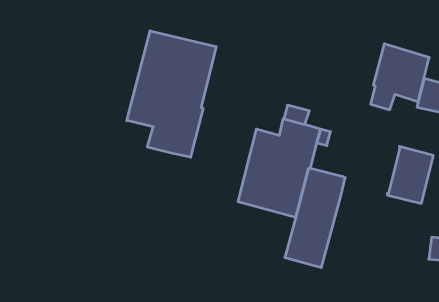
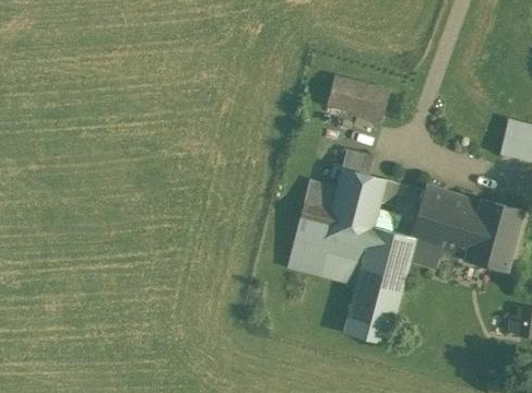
building: [127,31,216,157] -> none
building: none -> [327,78,389,119]
building: [371,44,429,110] -> [410,188,480,266]

